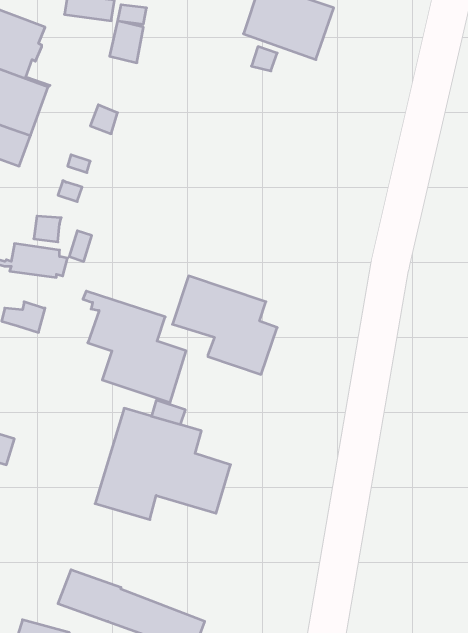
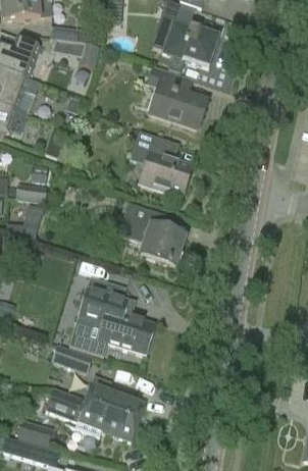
building: none -> [147,67,207,127]
building: [83,291,186,403] -> [127,127,193,198]
building: none -> [52,345,93,374]
building: none -> [86,375,146,421]

